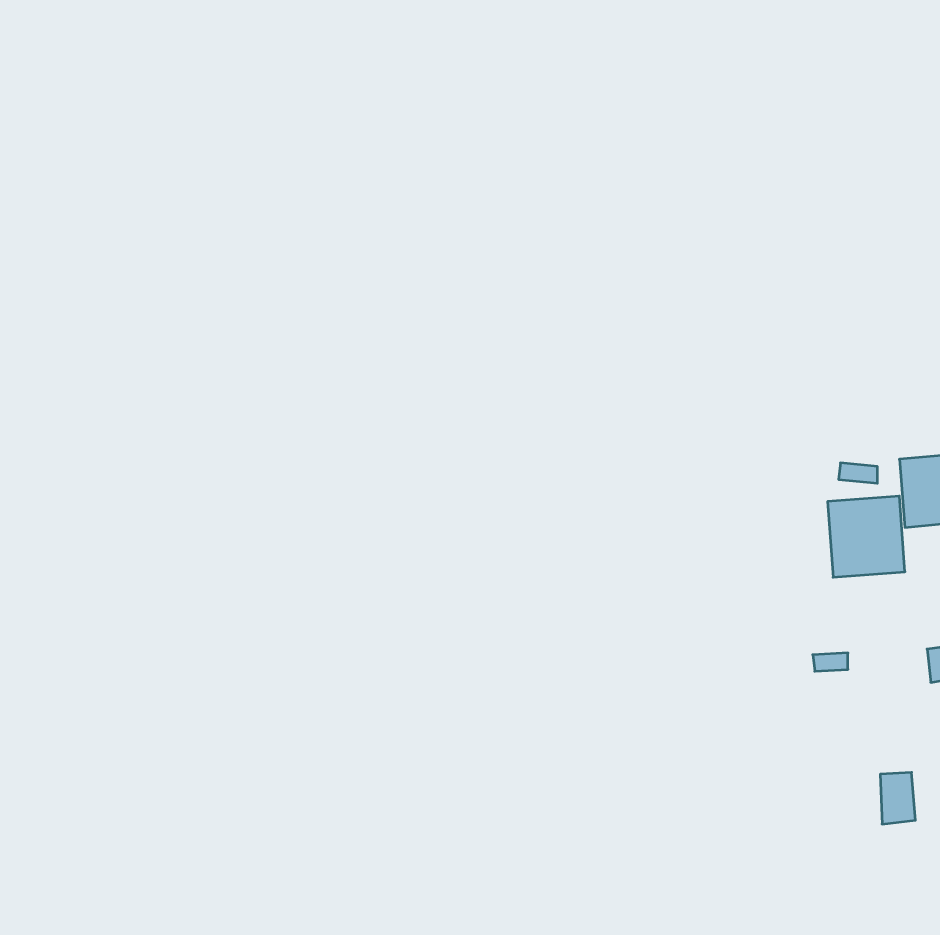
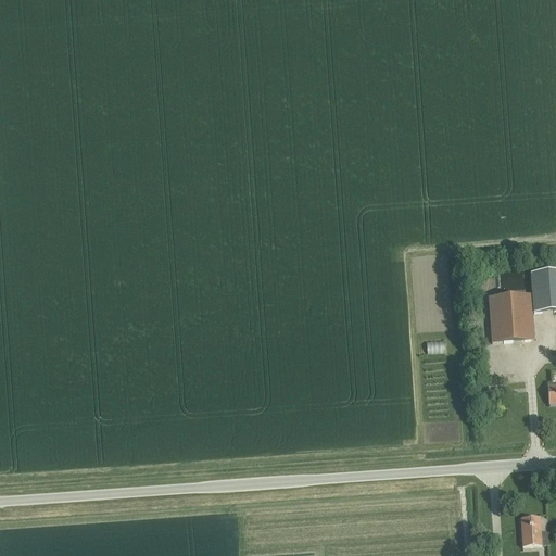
building: [880,772,915,824] -> [521,515,542,545]

